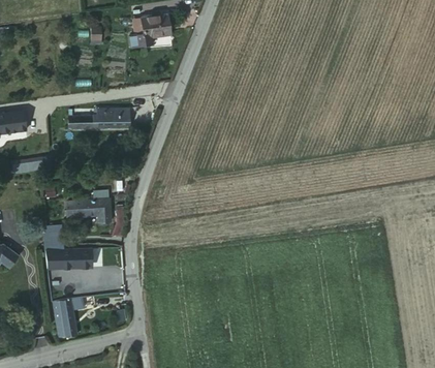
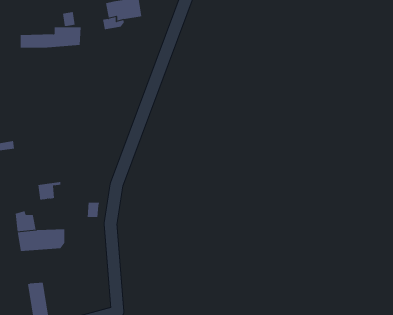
building: [68,109,130,130] -> [20,27,81,48]
building: [81,189,111,216] -> none

